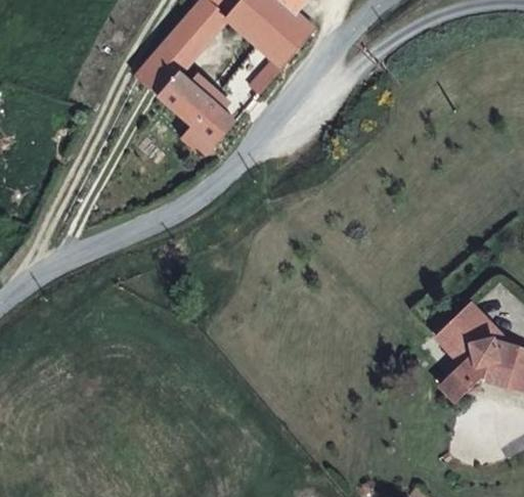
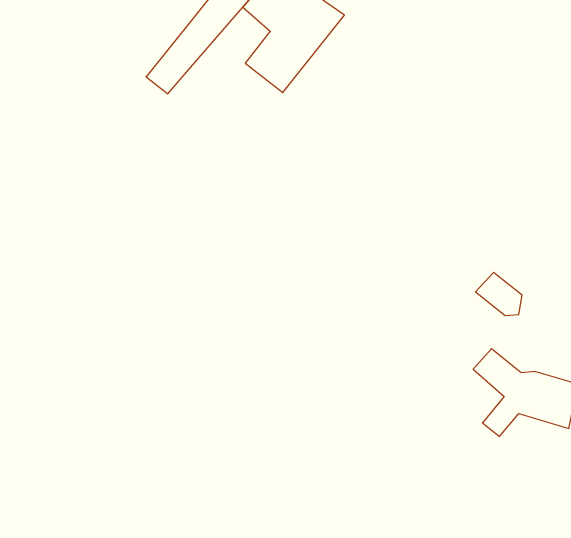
building: [158,70,237,152] -> none
building: [448,305,490,344] -> [475,272,522,316]

